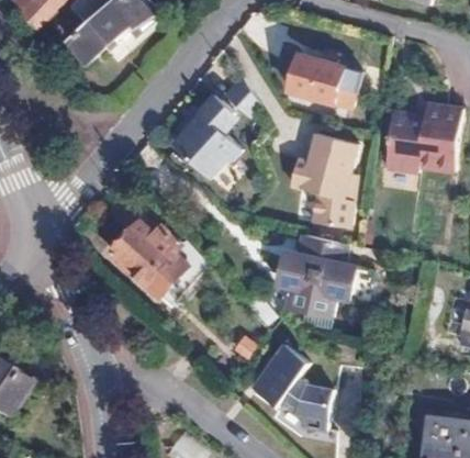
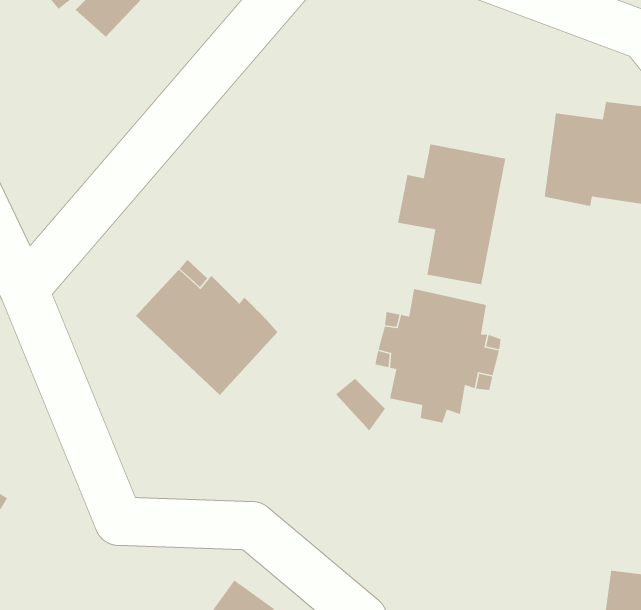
building: [290,56,361,101] -> none
building: [167,94,246,188] -> none
building: [251,343,334,428] -> none

